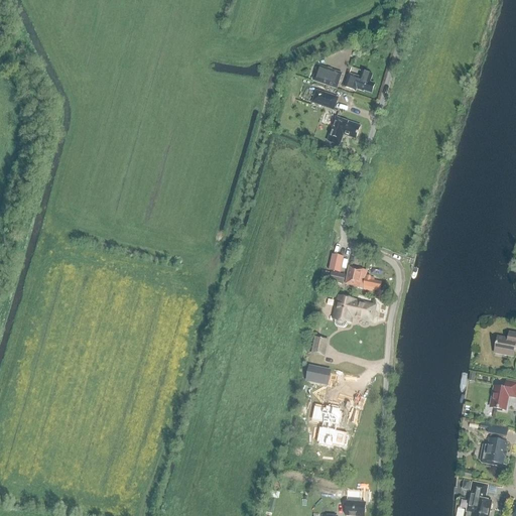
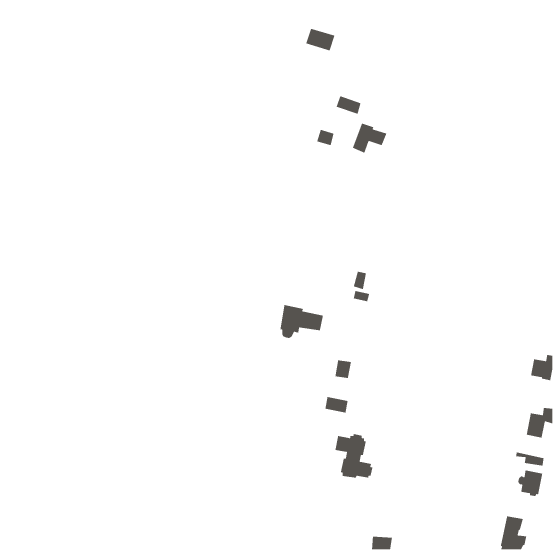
building: [313,63,342,86] -> [305,28,335,52]
building: [345,69,375,90] -> none
building: [346,263,381,288] -> none
building: [333,292,374,325] -> [279,304,324,339]

